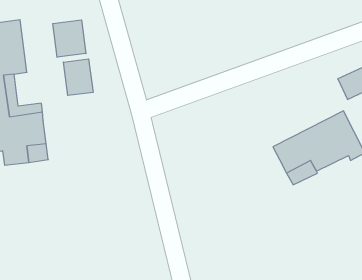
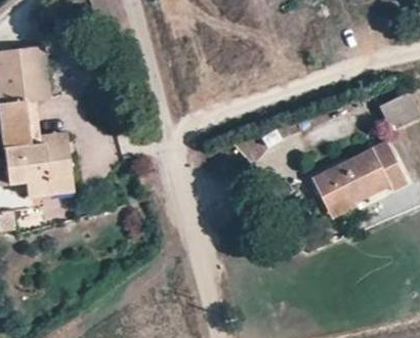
building: [53,20,86,57] -> none
building: [63,59,93,95] -> none

